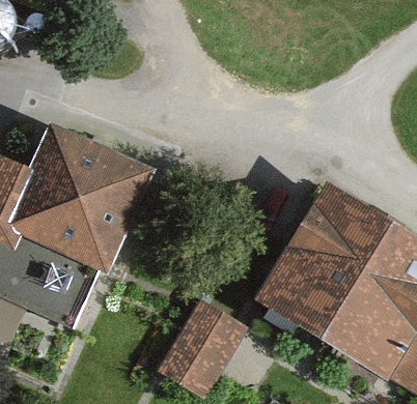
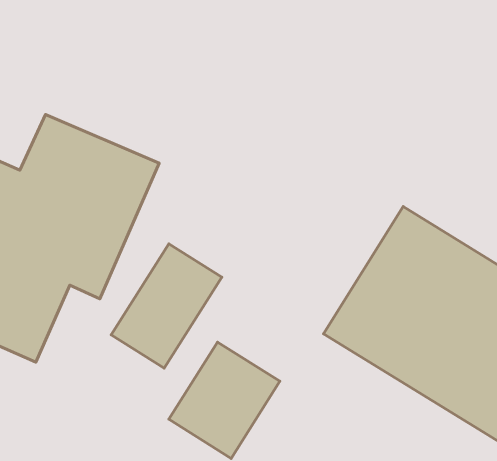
building: none -> [111,244,222,368]

